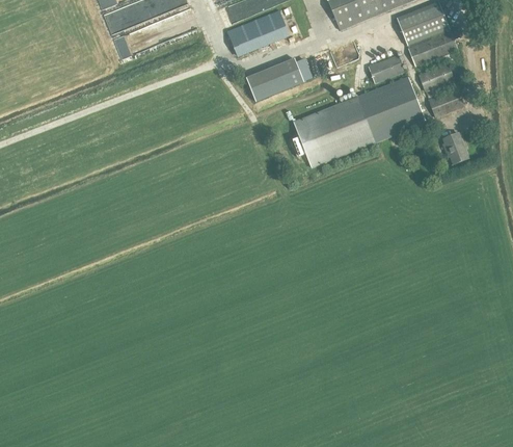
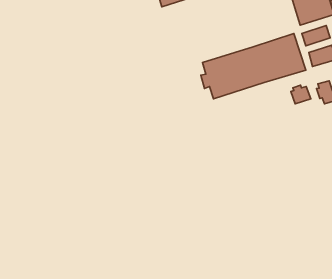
building: [368,53,404,81] -> none
building: [246,57,304,101] -> none
building: none -> [291,85,311,104]

